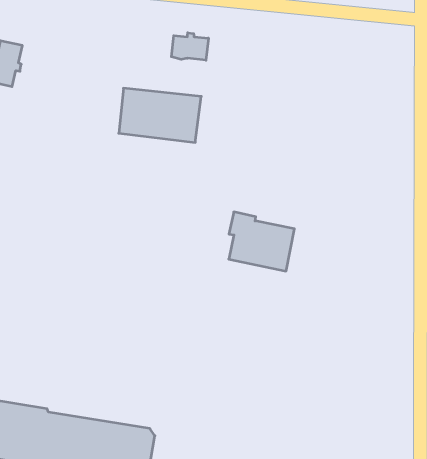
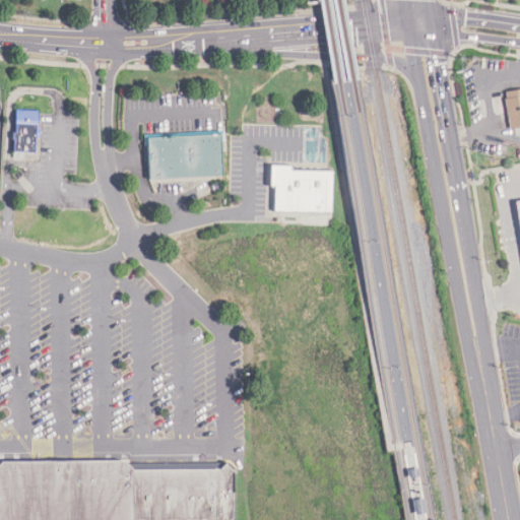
building: [171,33,208,60] -> none
building: [229,212,294,271] -> [270,166,333,214]

